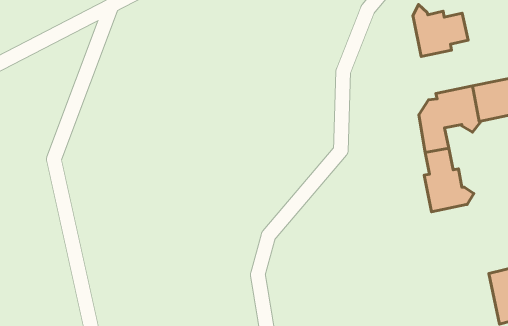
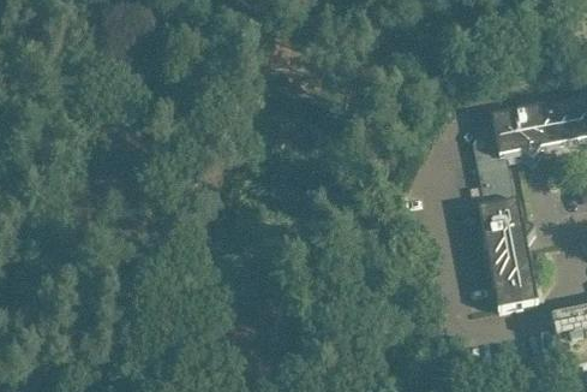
building: [413,5,468,57] -> none
building: none -> [486,239,535,308]

